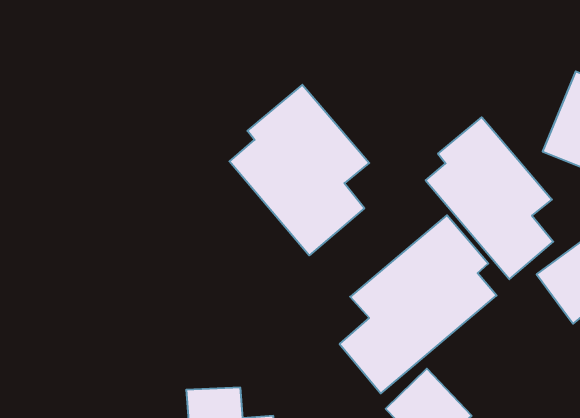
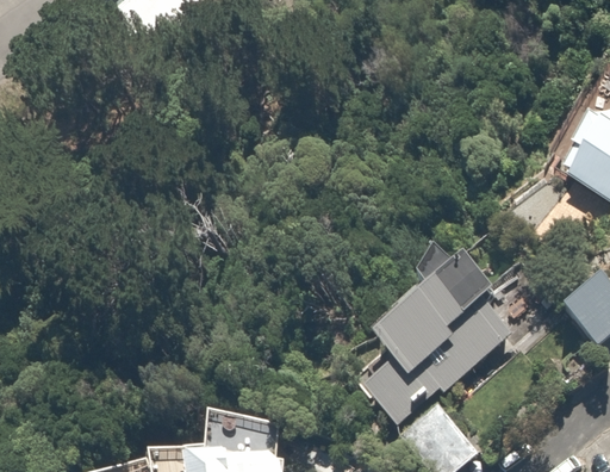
building: [229,85,369,255] -> none
building: [426,117,553,279] -> none

